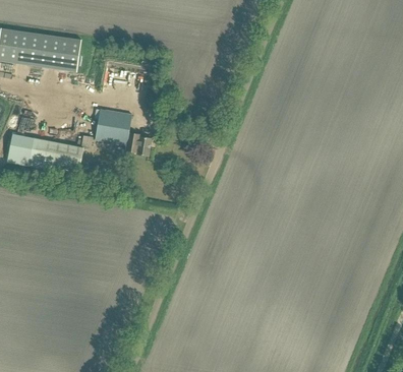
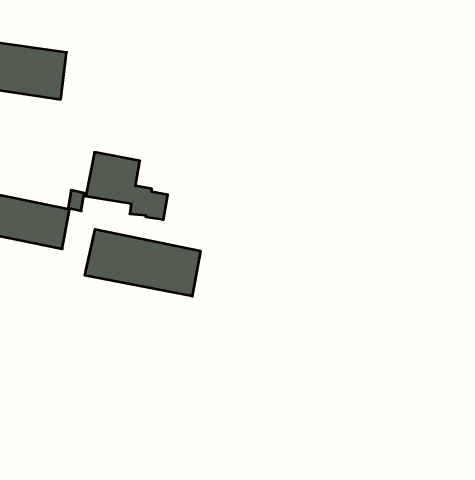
building: none -> [85,229,200,296]

